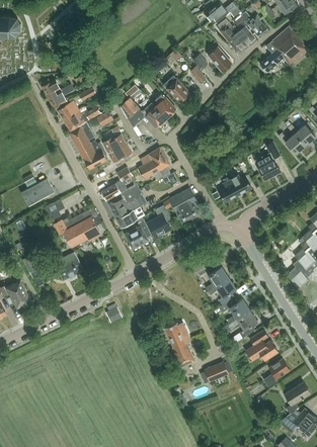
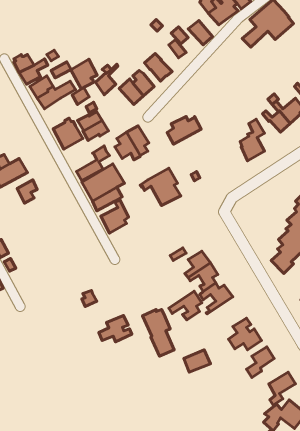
building: [69,122,94,151] -> [71,59,97,89]
building: [219,176,251,202] -> [167,116,201,144]
building: [147,205,171,238] -> none
building: [54,207,100,247] -> none
building: [54,252,83,279] -> none
building: [226,310,257,338] -> [169,291,202,320]
building: none -> [99,315,132,342]

